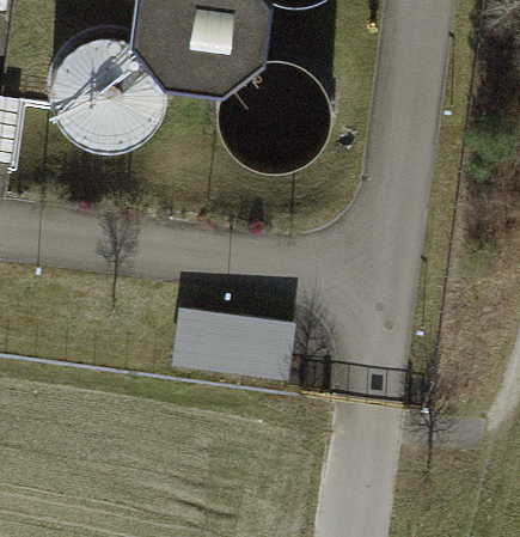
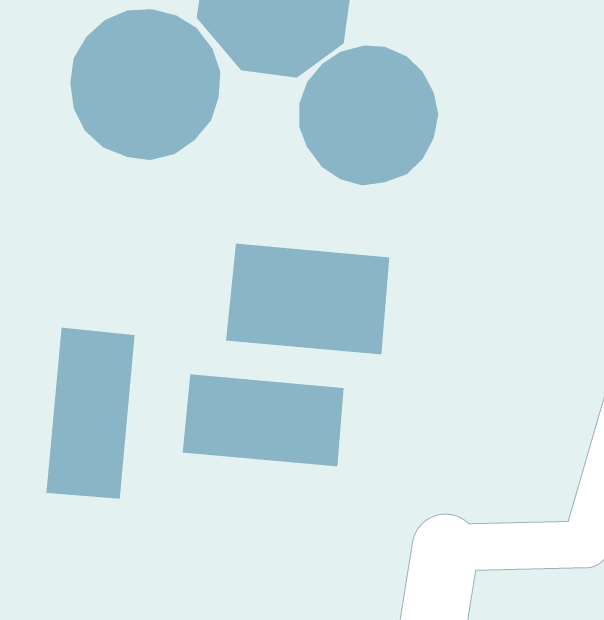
building: none -> [226,243,390,355]
building: none -> [46,327,135,500]

